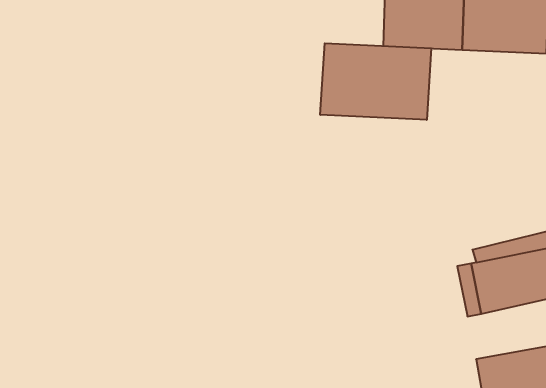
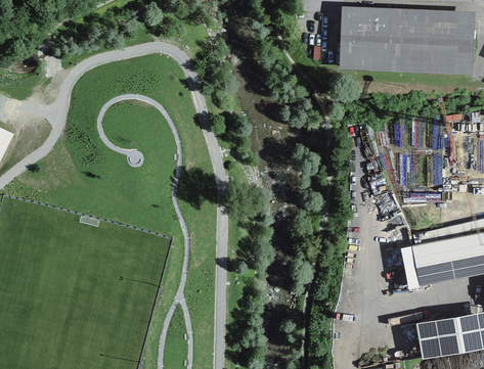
building: [320,43,431,120] -> none

